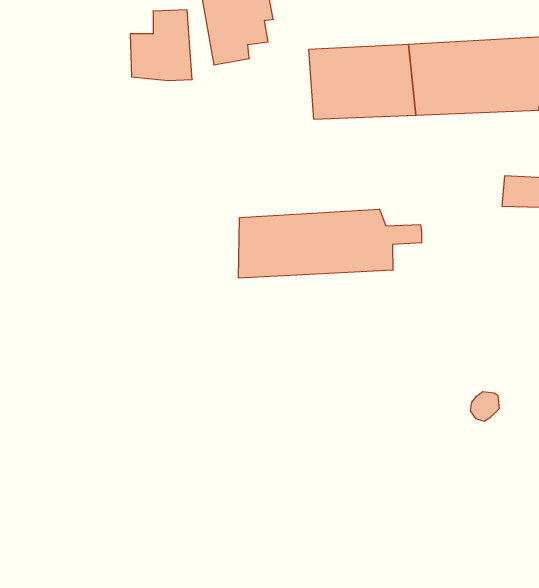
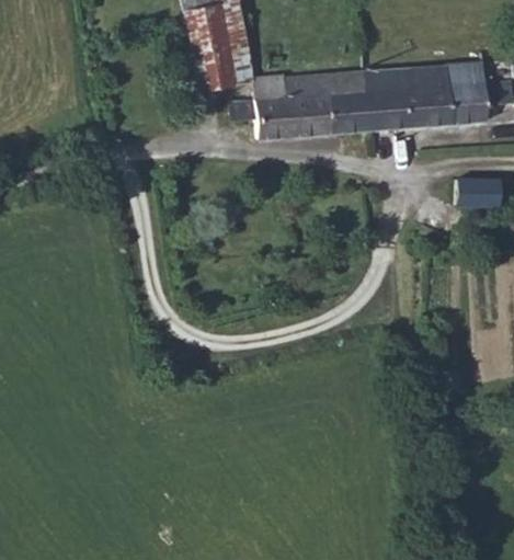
building: [130,10,192,81] -> [233,73,287,135]
building: [238,209,421,278] -> none

